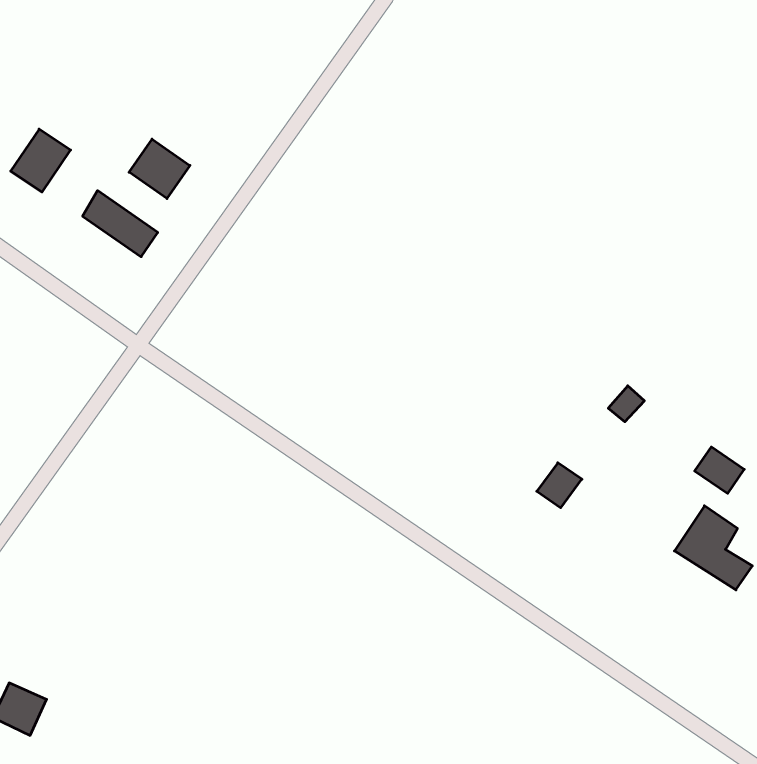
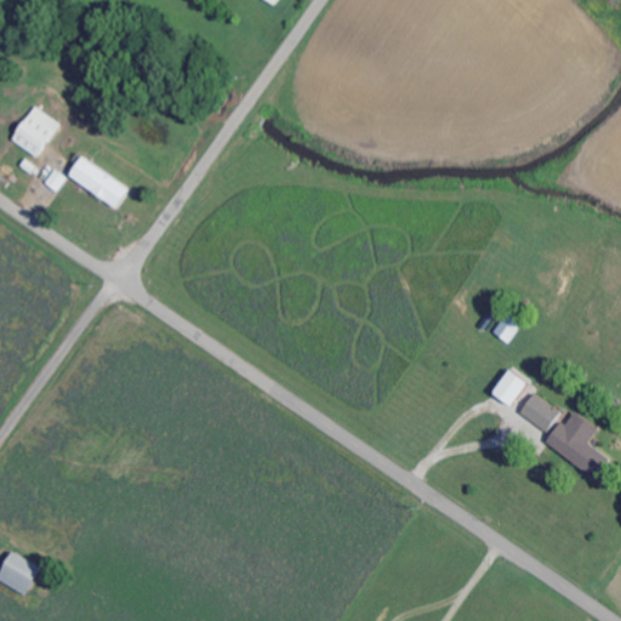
building: [129,139,190,199] -> none
building: [695,447,744,493] -> [518,393,558,431]
building: [537,463,582,508] -> [490,369,526,405]

